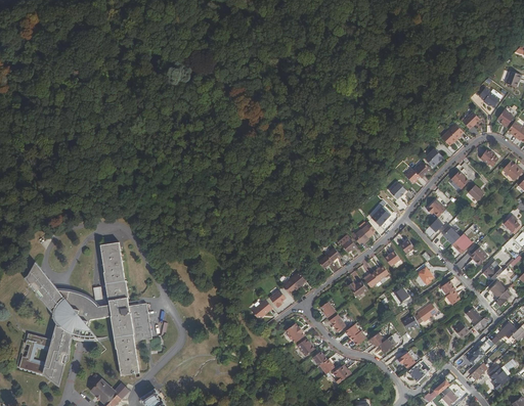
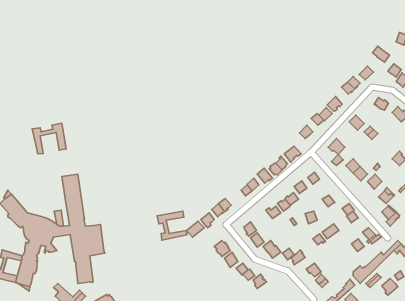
building: none -> [32,123,66,154]
building: none -> [157,211,187,240]

